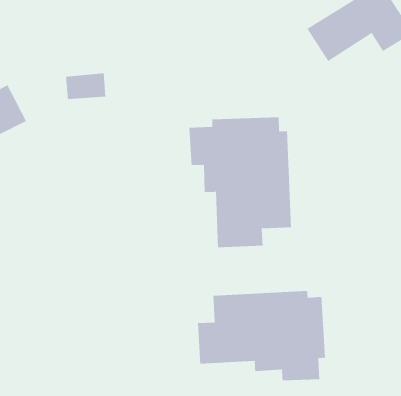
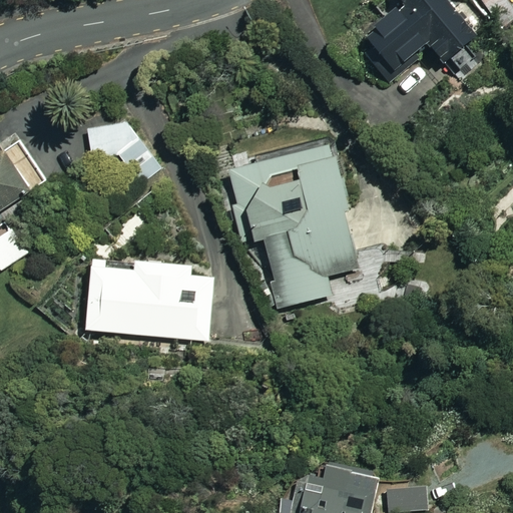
building: none -> [86,264,203,338]
building: [198,290,326,381] -> none

